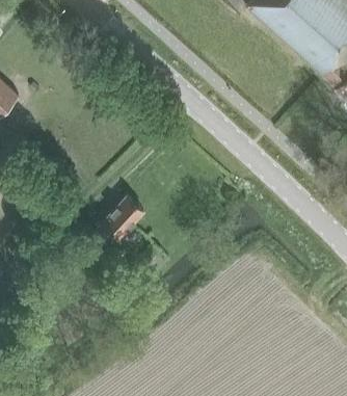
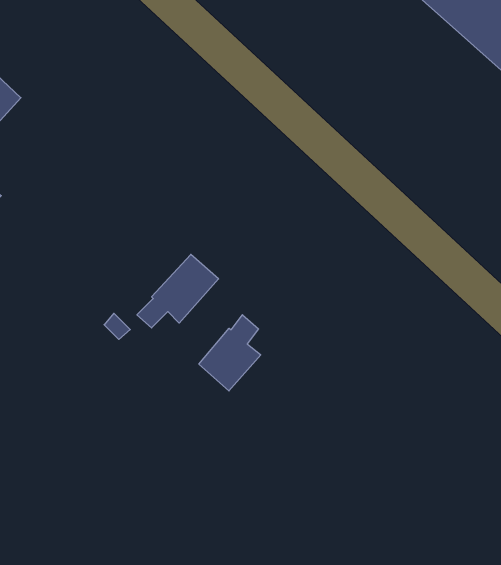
building: none -> [199,315,261,391]

